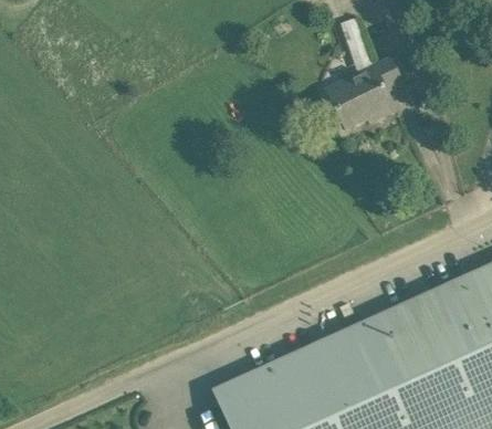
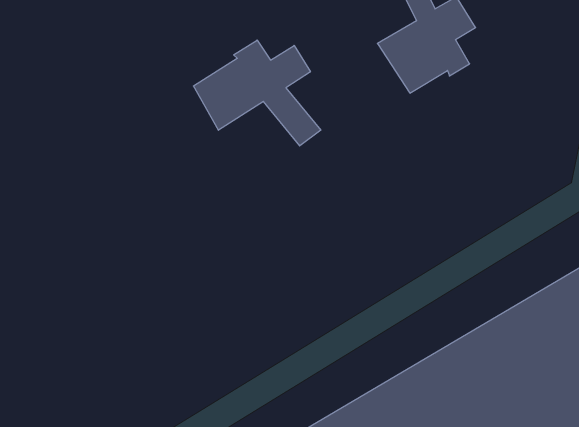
building: none -> [193,40,321,146]

